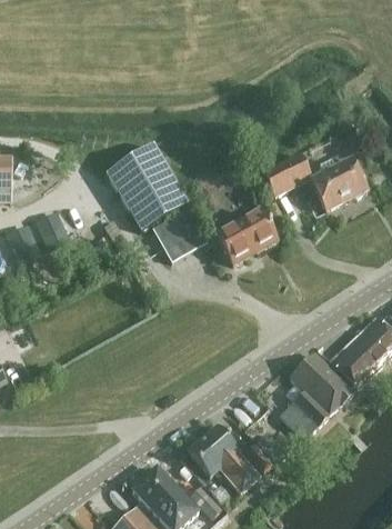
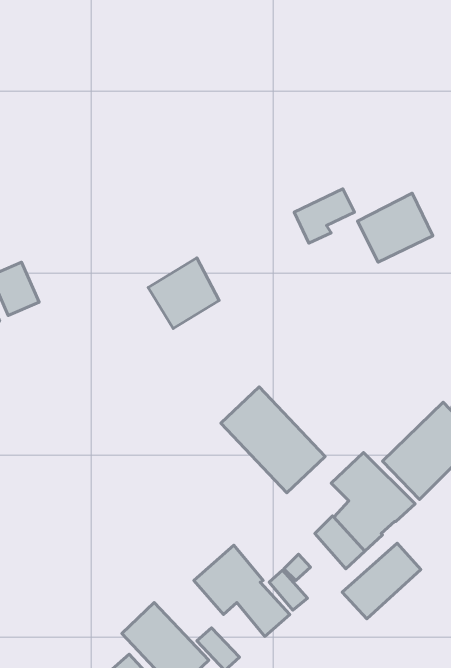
building: [107,144,188,230] -> none
building: [215,208,278,263] -> none
building: none -> [221,387,325,493]
building: none -> [342,543,421,619]

